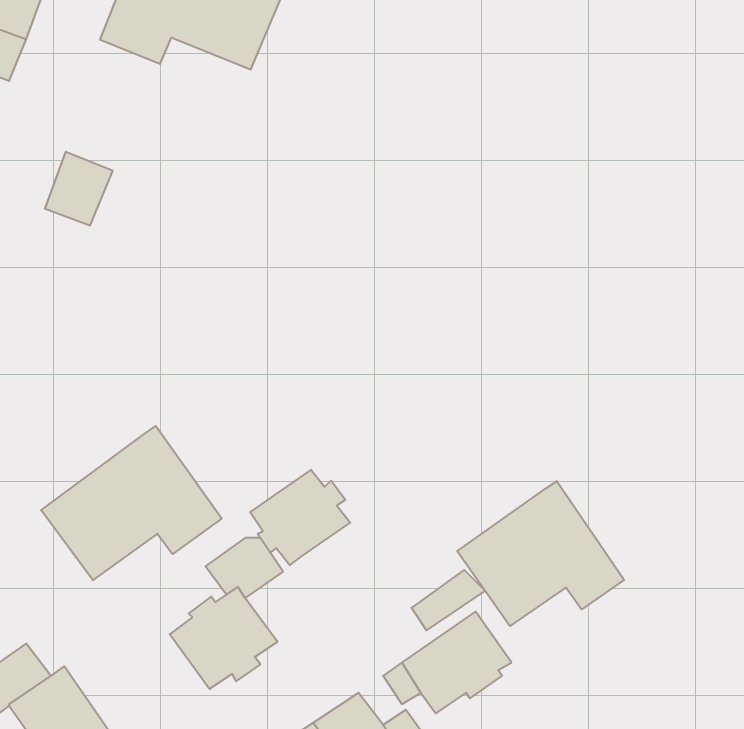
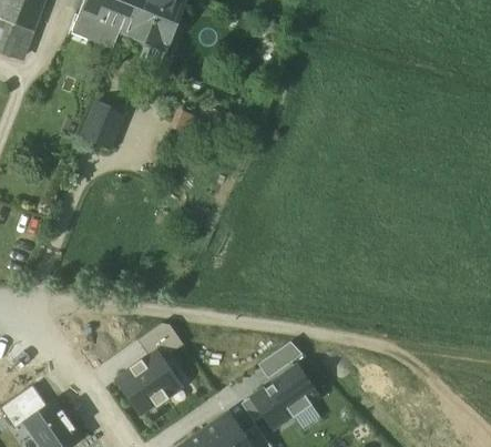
building: [45,152,113,225] -> [83,103,123,146]
building: [41,426,222,580] -> none
building: [250,470,350,565] -> none
building: [457,481,624,626] -> none

